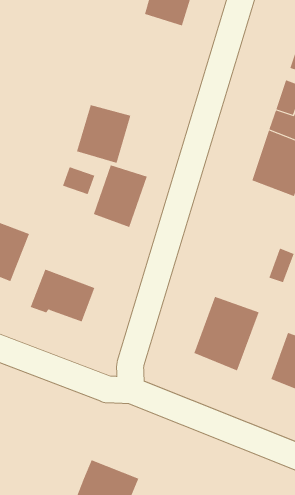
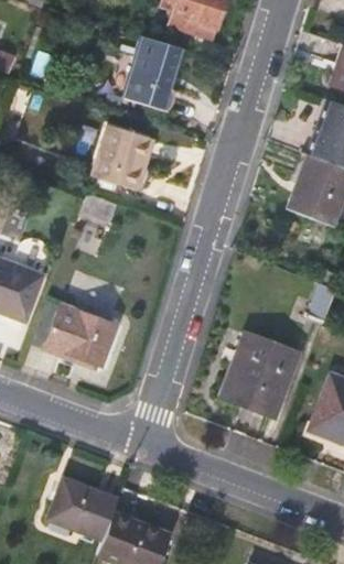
building: none -> [129,39,185,111]
building: [93,165,148,228] -> none
building: none -> [46,475,118,536]

